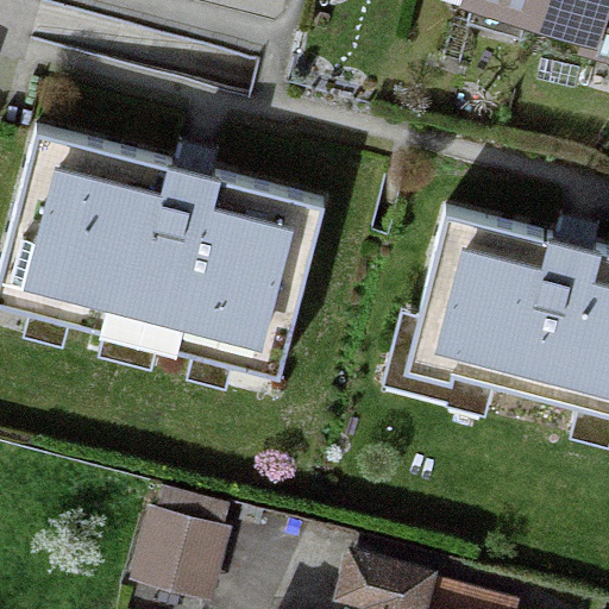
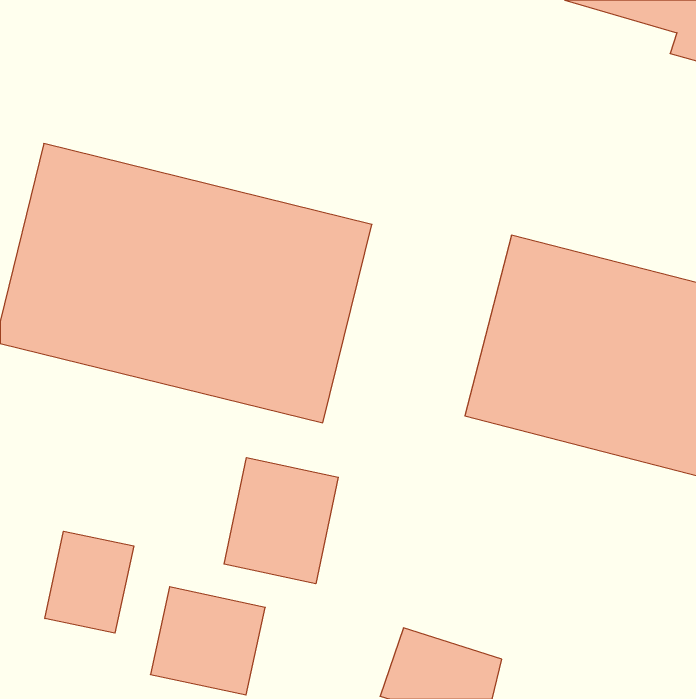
building: none -> [224,458,338,584]
building: none -> [45,531,134,633]

